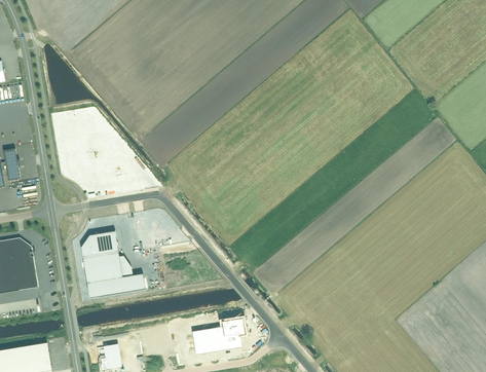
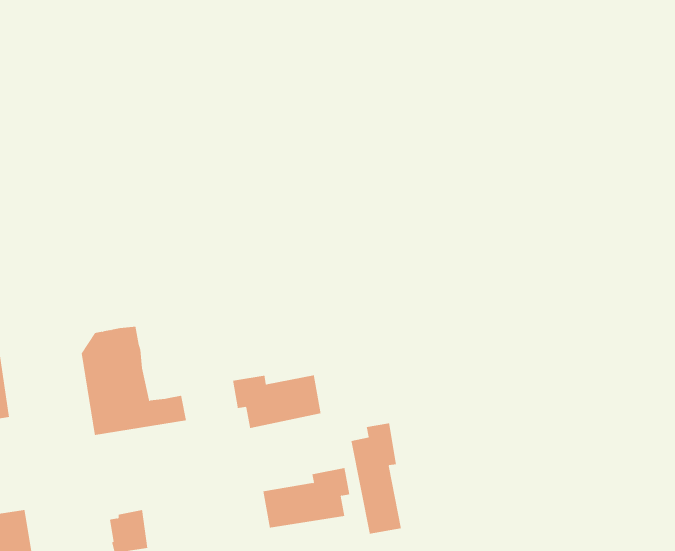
building: none -> [233,374,321,429]
building: none -> [351,422,401,534]

